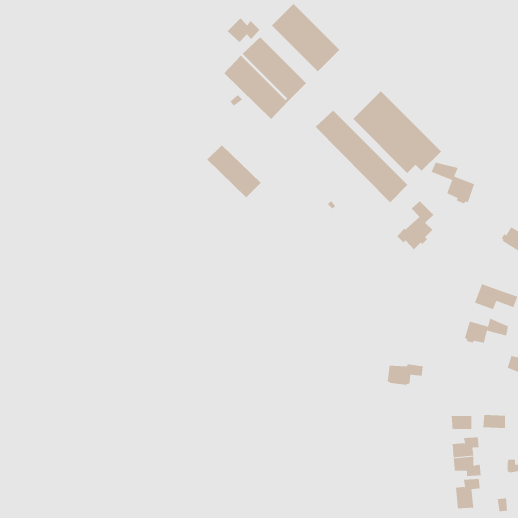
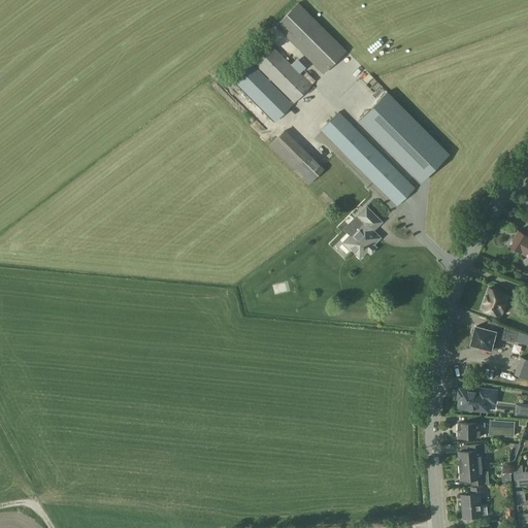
building: [227,17,260,43] -> none
building: [207,144,261,198] -> [269,131,325,186]
building: [431,162,475,204] -> none
building: [396,201,434,250] -> [343,208,382,259]
building: [387,364,423,385] -> [460,390,497,411]

